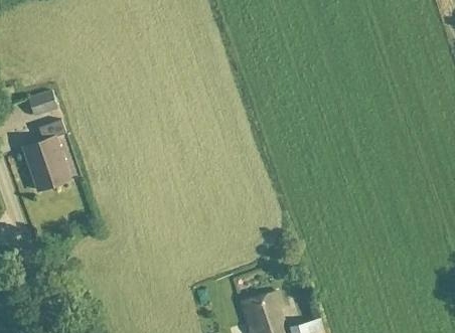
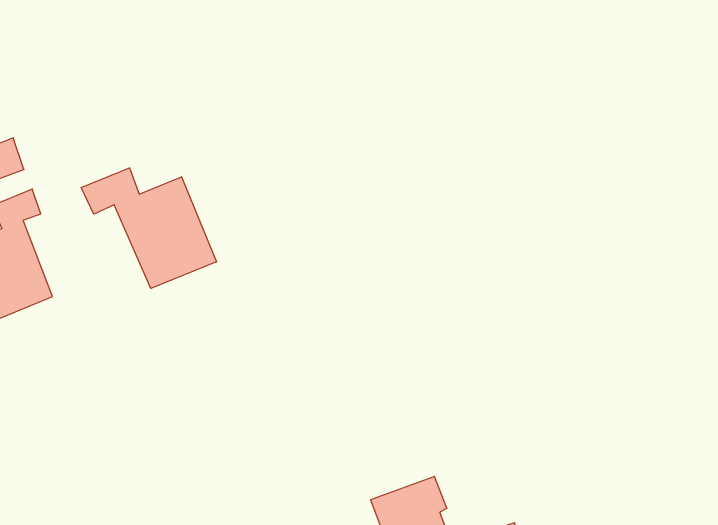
building: none -> [81,168,216,288]

